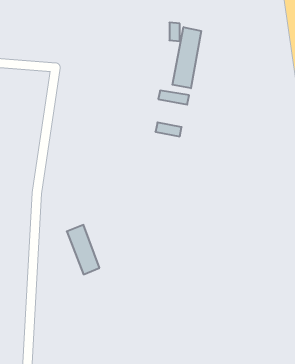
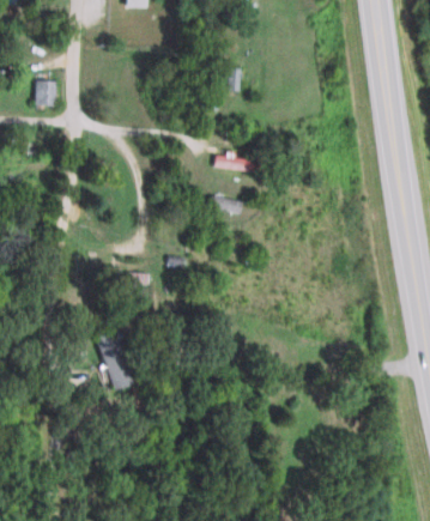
building: [172,27,201,88] -> none
building: none -> [34,81,55,107]

